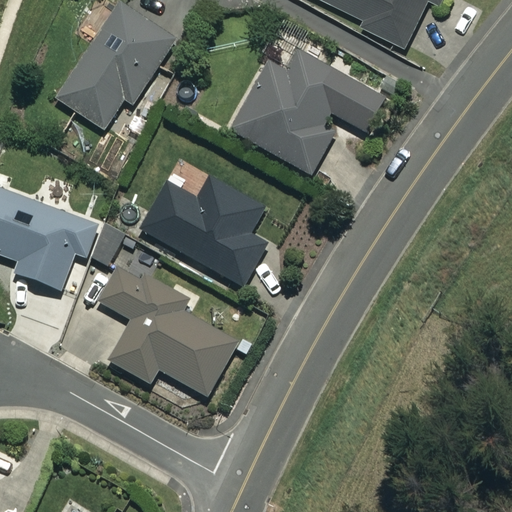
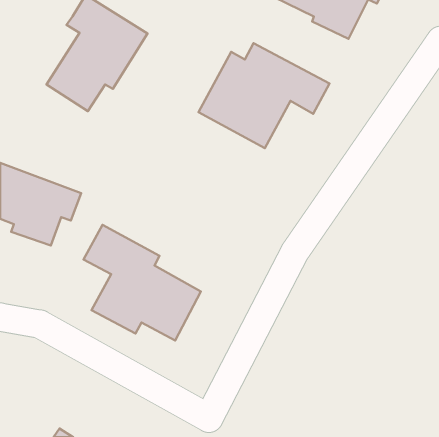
building: [141,175,266,284] -> none

